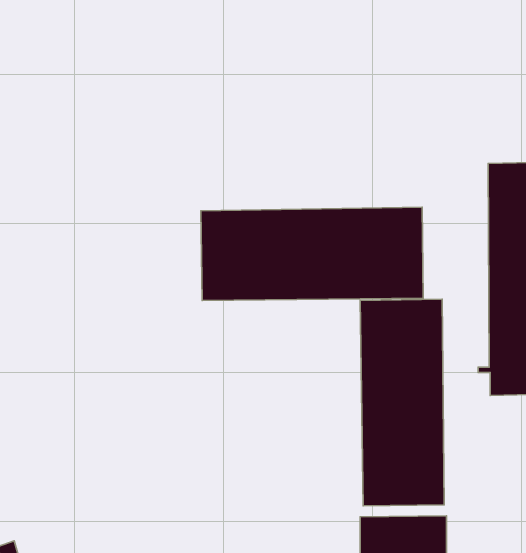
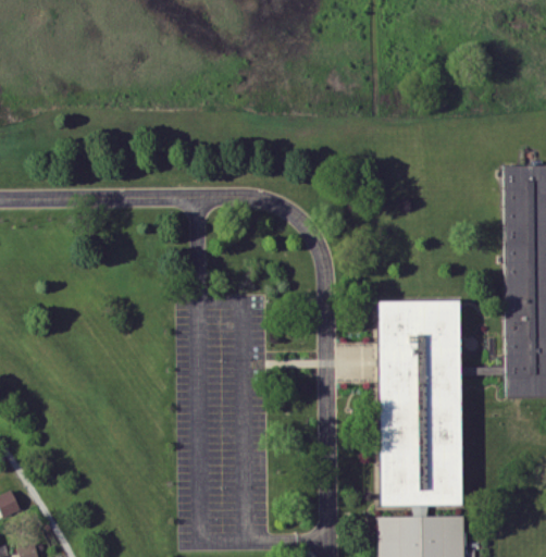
building: [201,207,423,300] -> none

